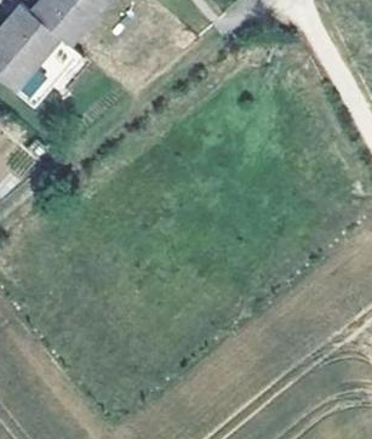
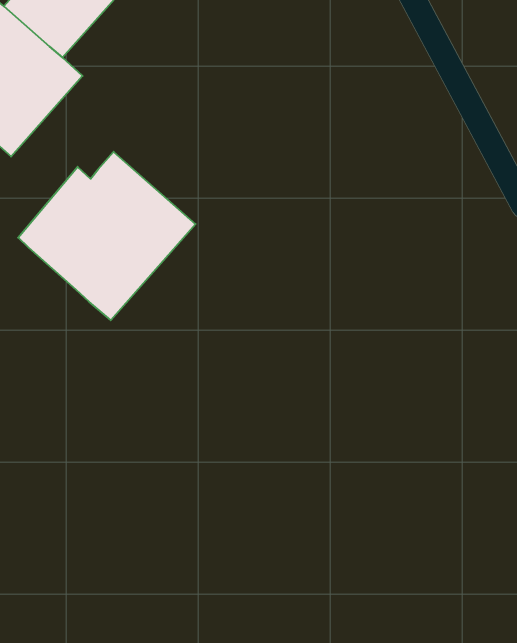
building: none -> [18,152,196,320]

